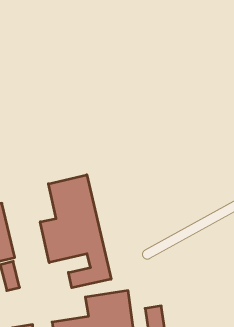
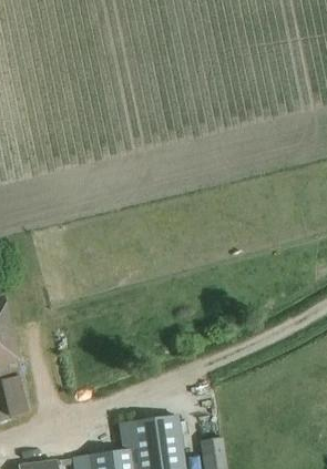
building: [40,175,111,288] -> none

